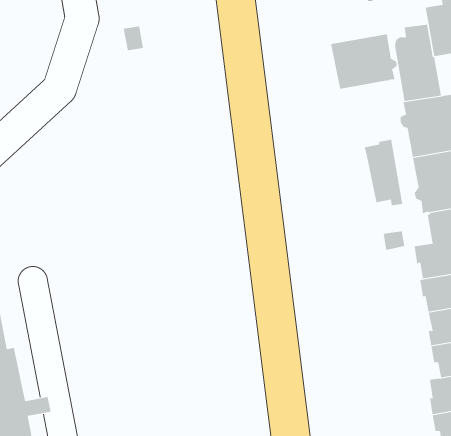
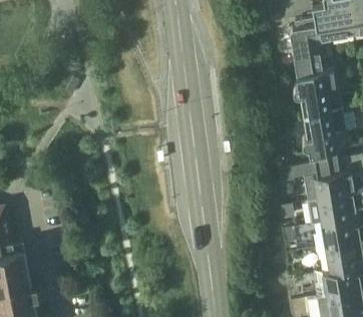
building: [330,33,397,89] -> none
building: [364,139,403,206] -> none

